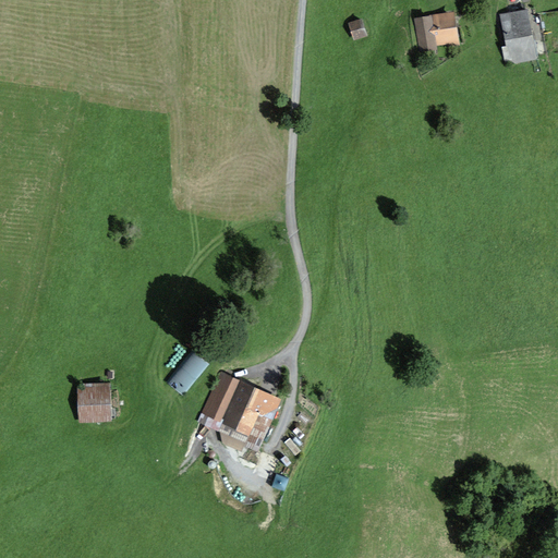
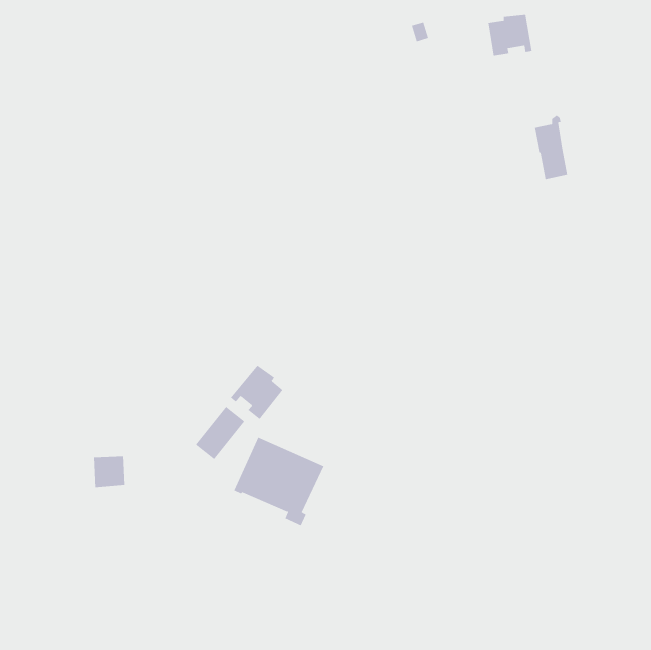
building: [504,5,533,61] -> [534,115,568,180]
building: none -> [230,365,283,420]

